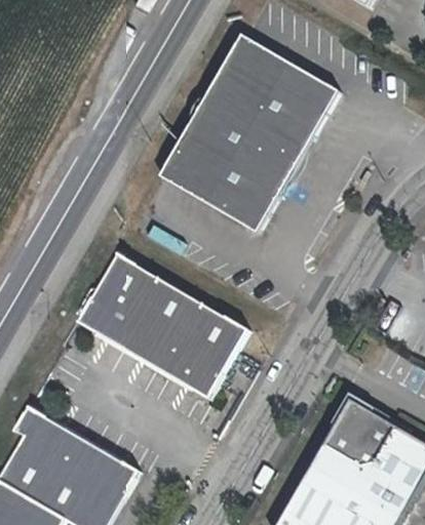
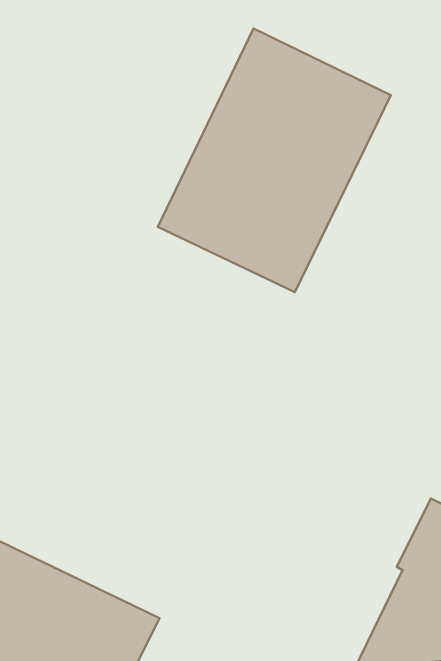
building: [74,246,249,396] -> none

